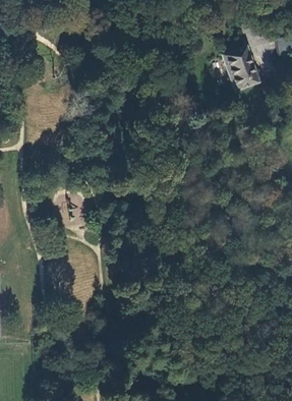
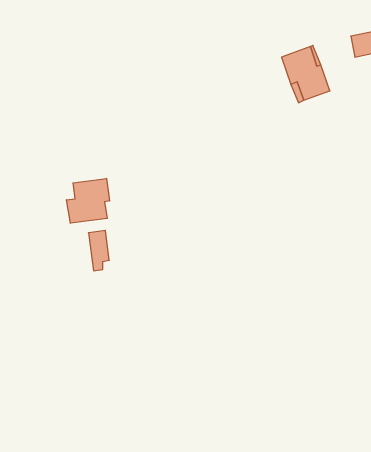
building: none -> [67,178,110,223]

